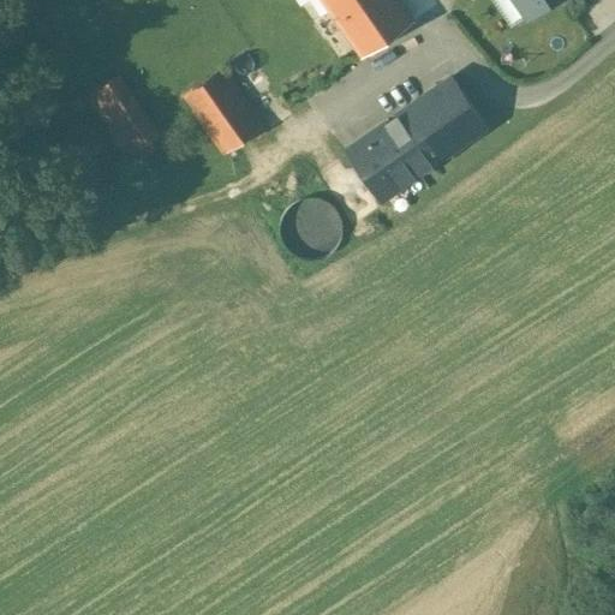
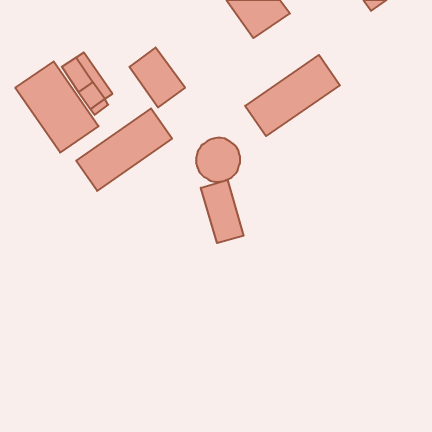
building: none -> [15,61,99,153]
building: none -> [76,108,172,191]
building: none -> [201,180,244,243]

